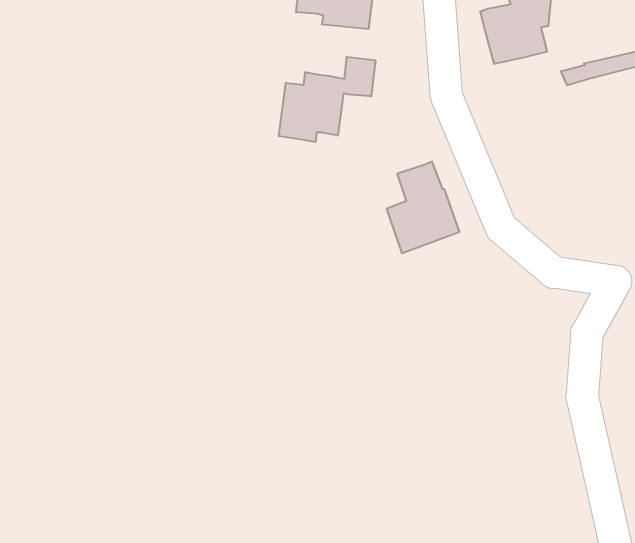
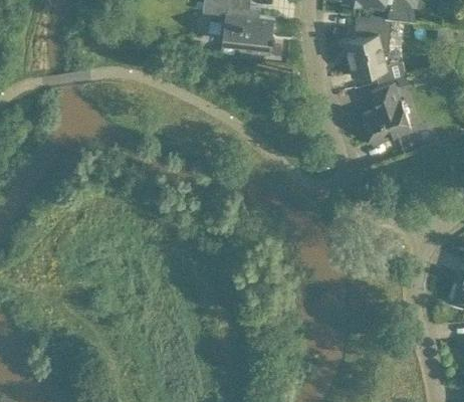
building: [279,57,375,142] -> none
building: [387,162,460,253] -> [364,83,412,144]

